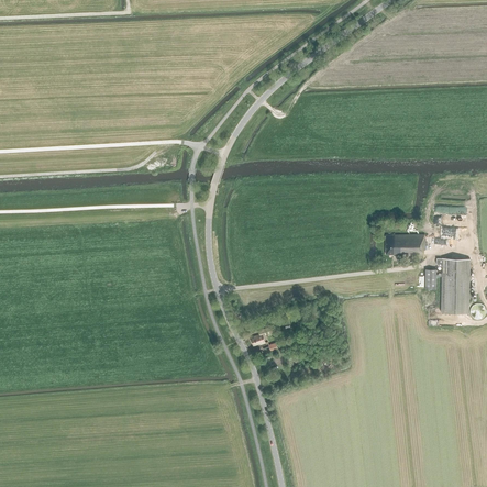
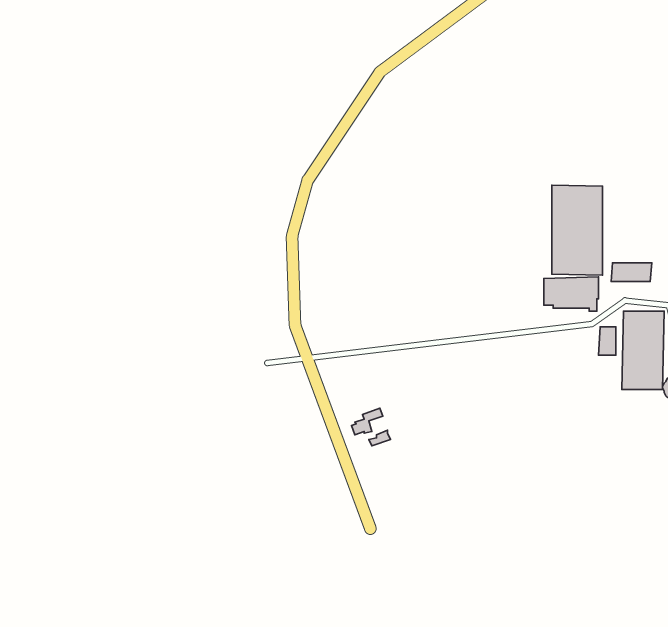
building: none -> [552,185,603,275]

